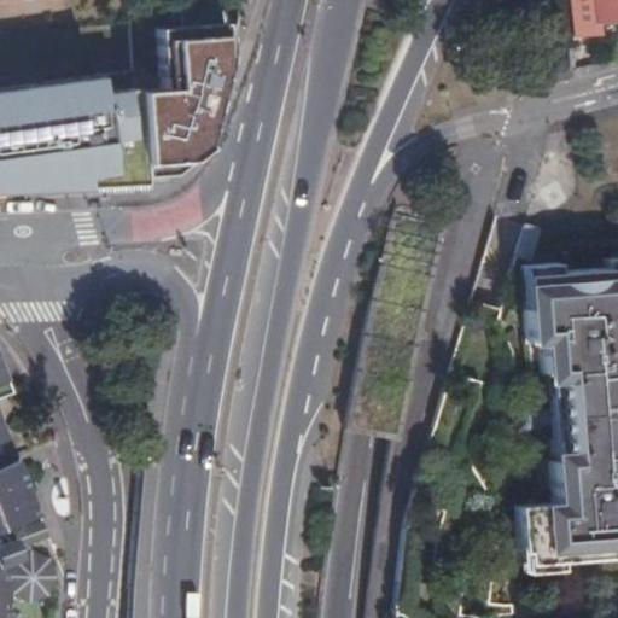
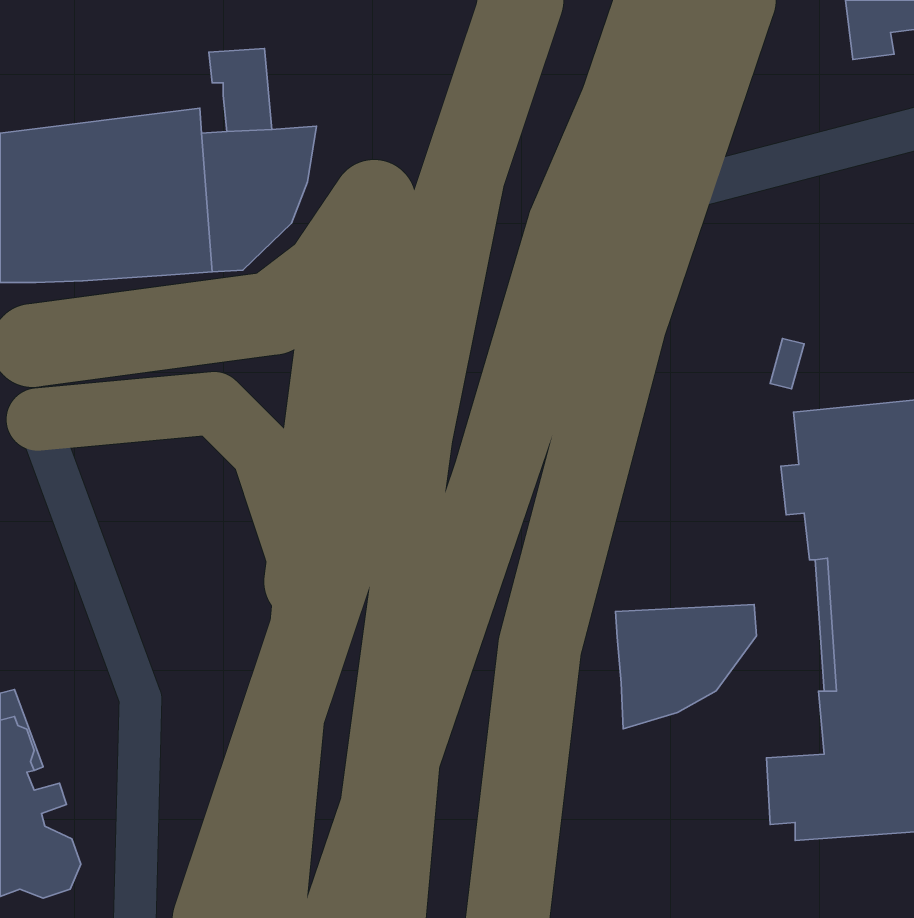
building: [181,31,220,88] -> none
building: none -> [616,605,756,729]

